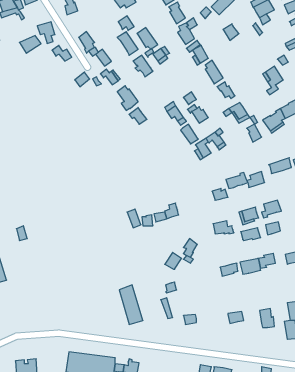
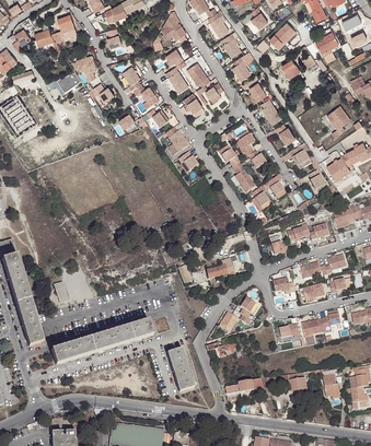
building: none -> [51,320,153,365]

